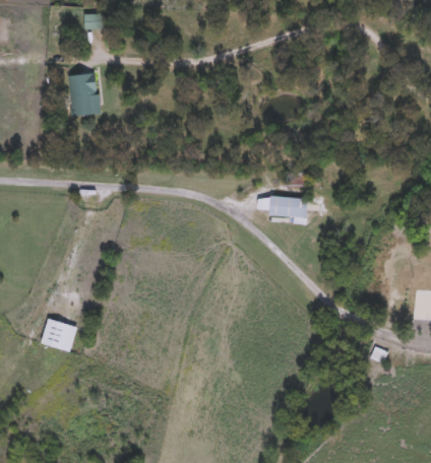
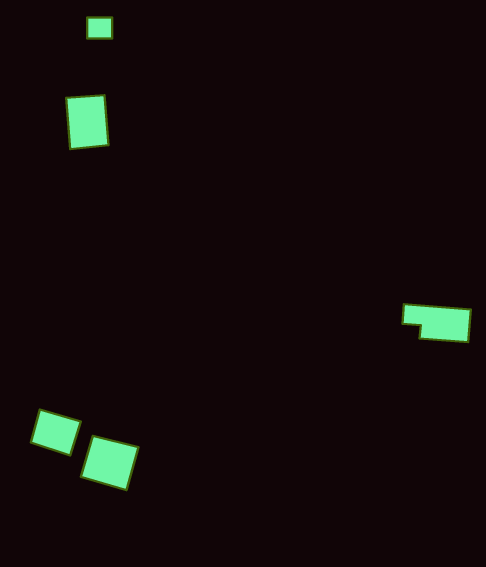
building: [256,195,309,224] -> [402,304,471,342]
building: none -> [81,436,138,490]

